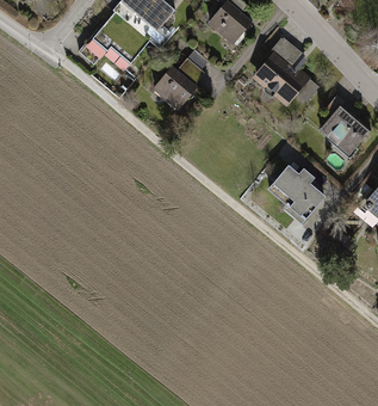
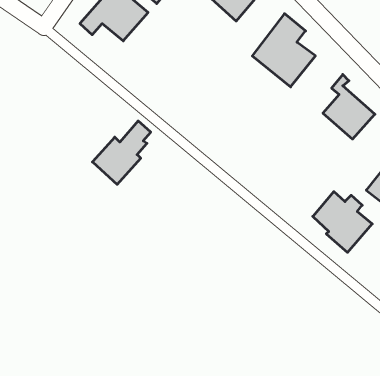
building: [149,50,205,111] -> [92,121,151,184]
building: [268,166,326,224] -> [313,192,372,252]

